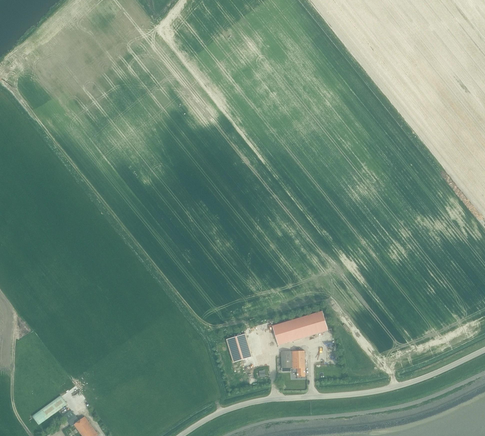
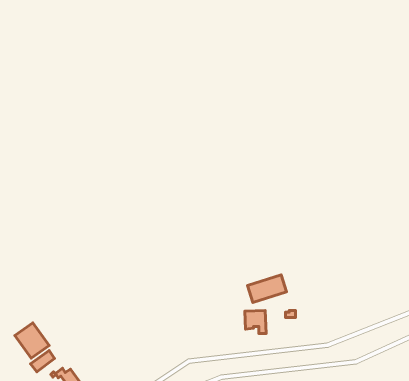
building: [225,332,251,361] -> none
building: none -> [15,323,49,358]

